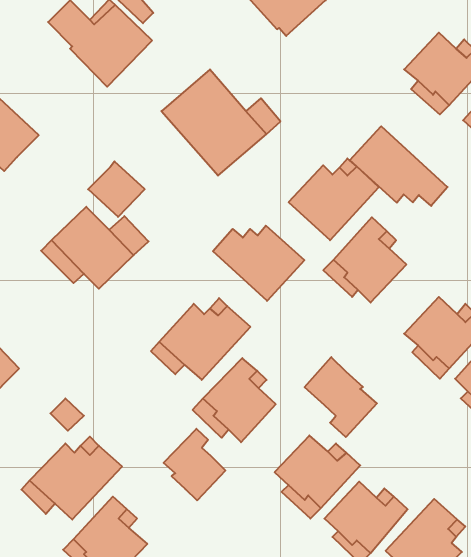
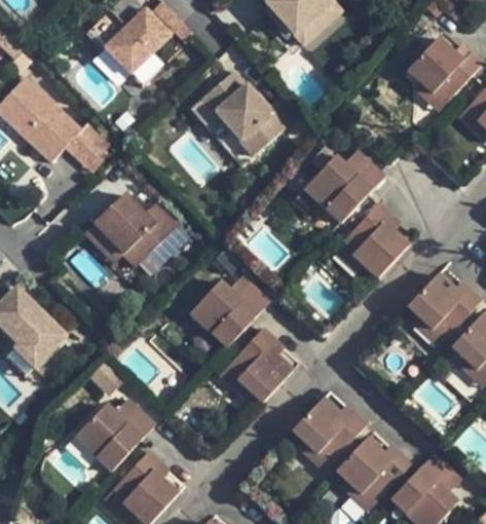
building: [350,126,448,206] -> none
building: [88,161,145,217] -> [63,123,113,173]
building: [213,226,304,301] -> none
building: [305,357,377,437] -> none
building: [164,429,225,500] -> none

